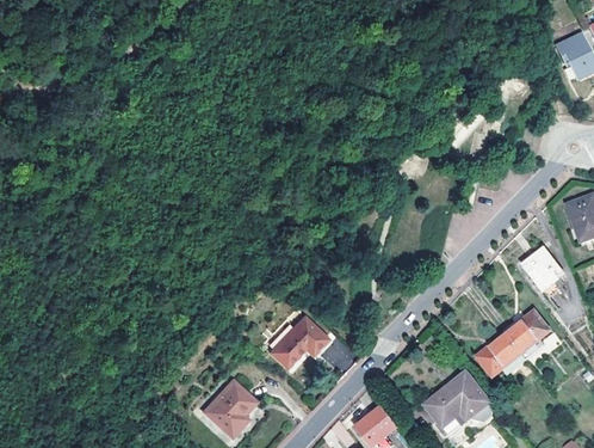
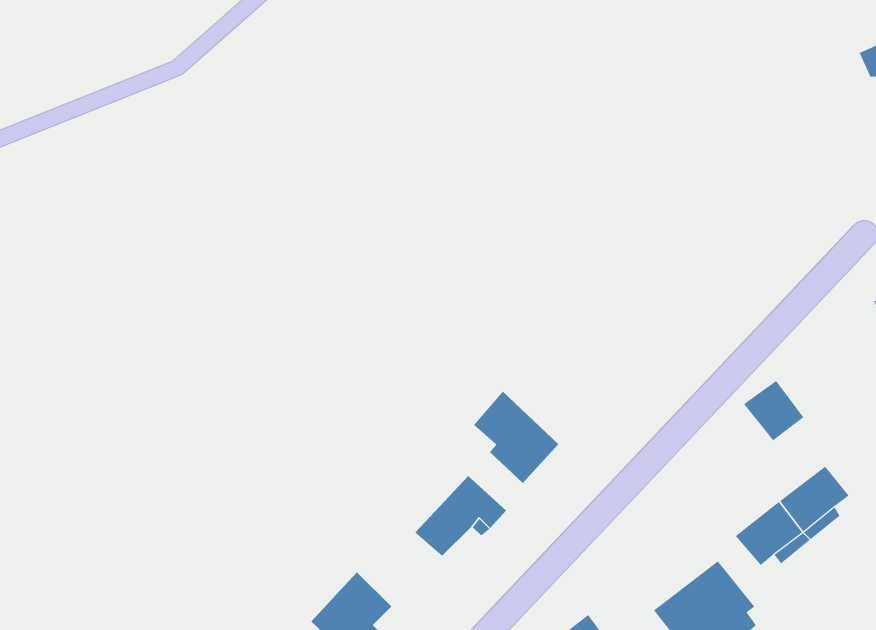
building: [522,248,562,288] -> [743,380,804,441]
building: none -> [473,391,559,484]

